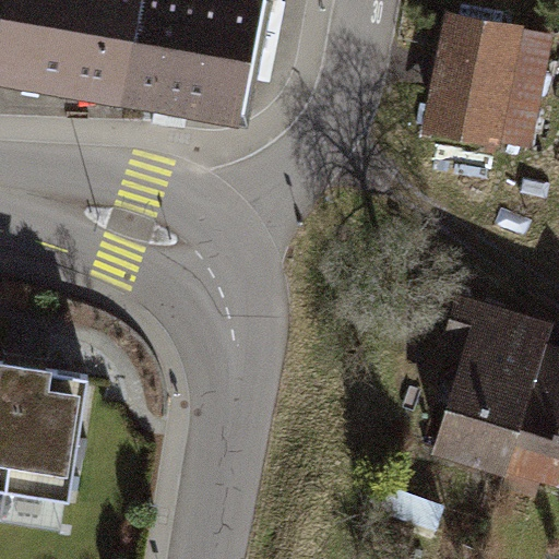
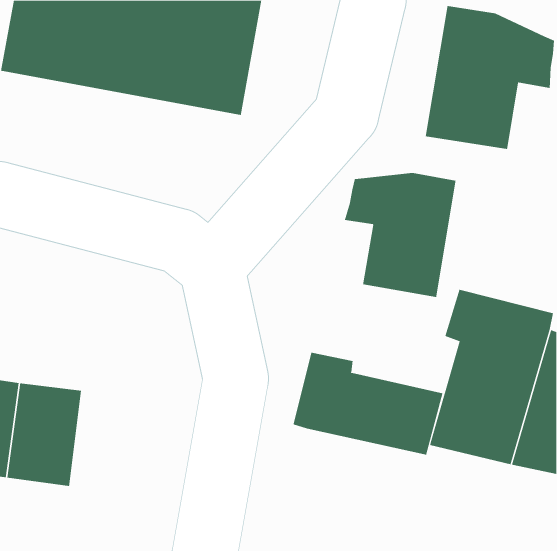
building: none -> [344,172,456,298]
building: none -> [293,352,443,455]

